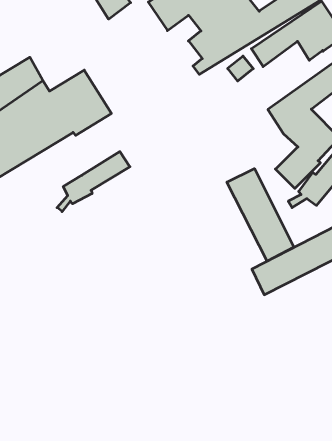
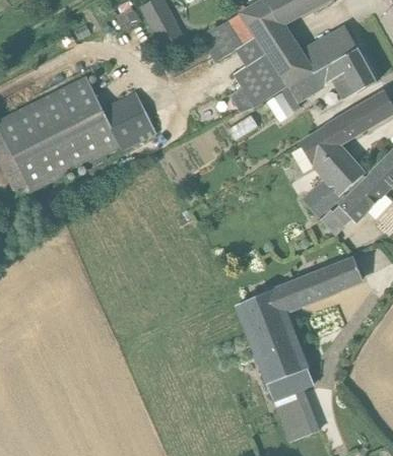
building: [57,152,130,212] -> none
building: [227,169,294,261] -> none
building: none -> [236,286,319,442]

